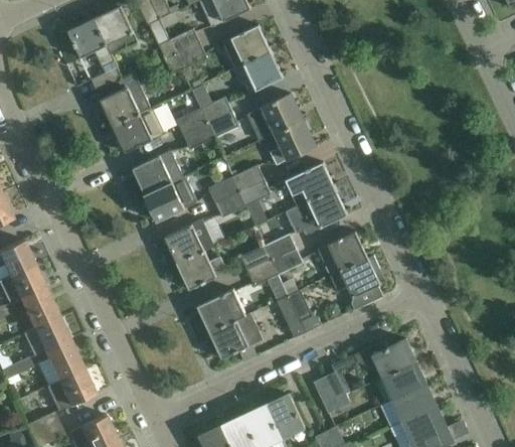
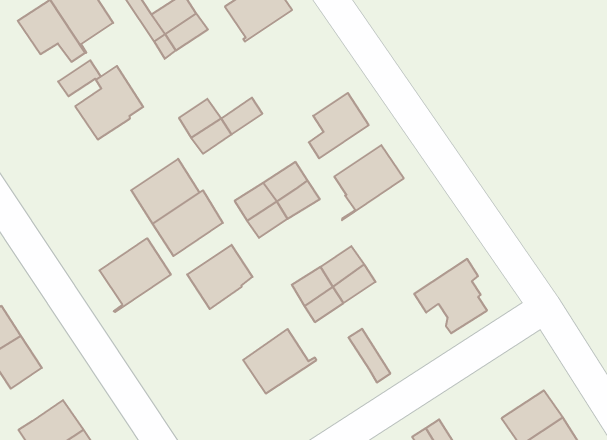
building: [232,52,283,94] -> none
building: [246,94,303,140] -> none
building: [198,97,231,125] -> none
building: [113,108,165,152] -> none
building: [285,189,347,235] -> none
building: none -> [99,238,171,312]
building: [317,232,373,276] -> none
building: [177,252,225,289] -> none
building: [21,290,58,328] -> none
building: [288,291,321,332] -> none
building: [209,314,262,358] -> none
building: [352,334,415,378] -> none

